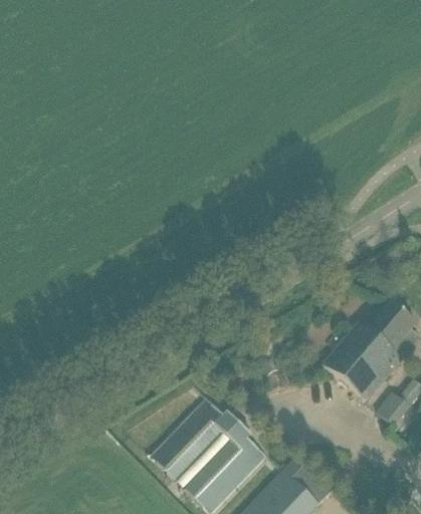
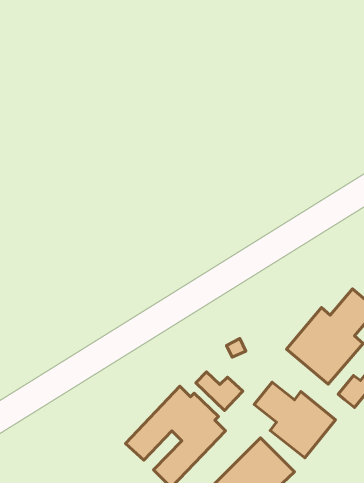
building: none -> [196,372,243,410]
building: none -> [254,382,336,458]

